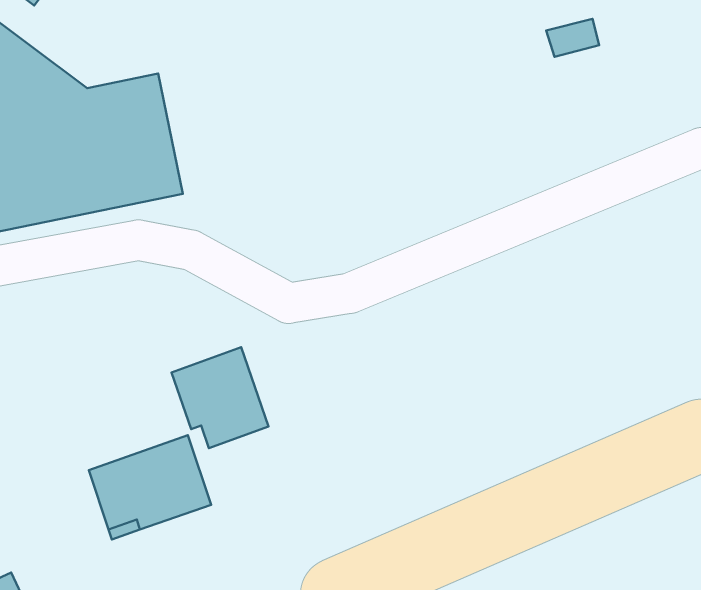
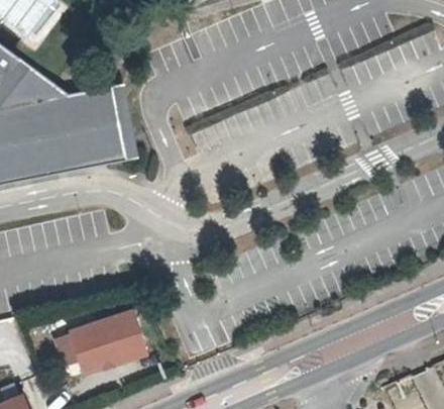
building: [171,347,269,448] -> none

